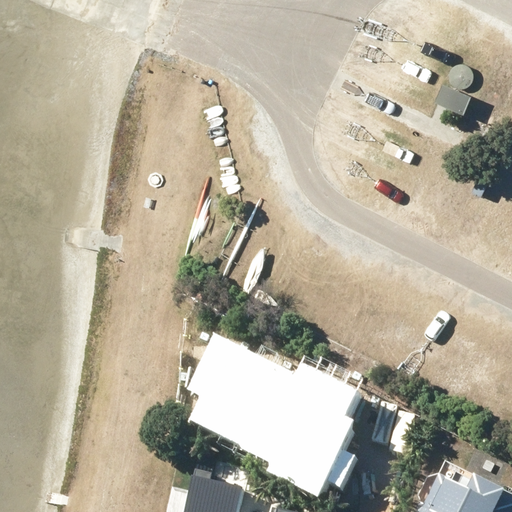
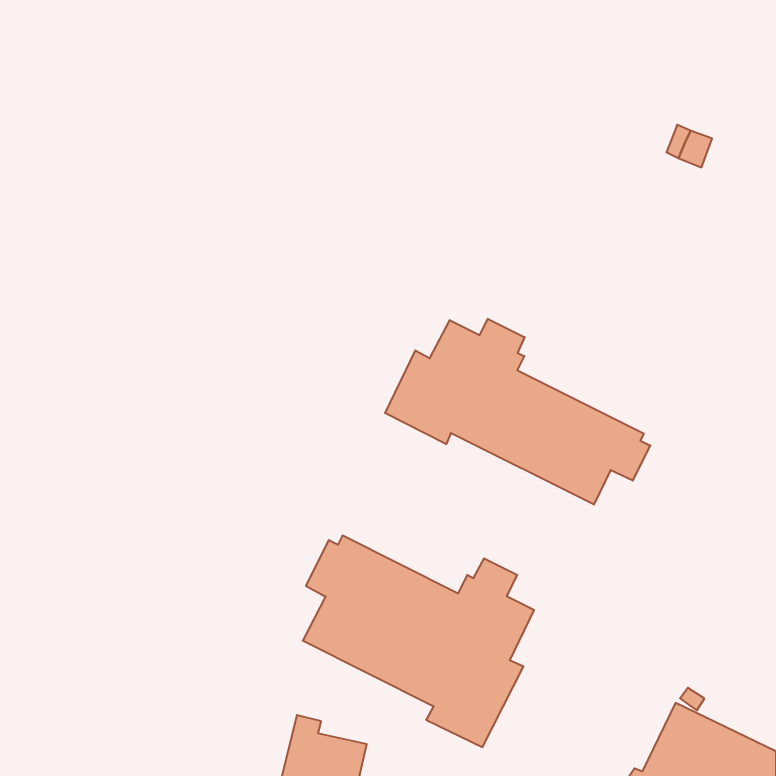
building: none -> [385,319,650,505]

